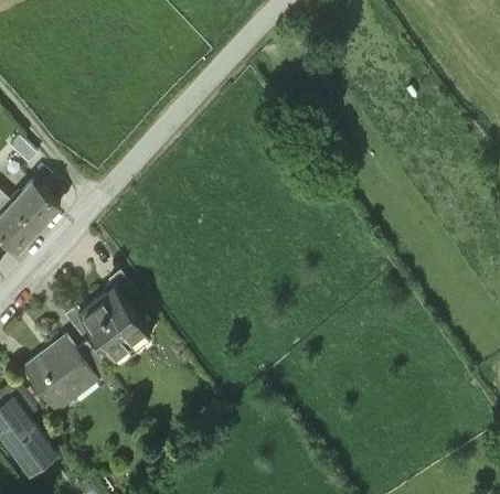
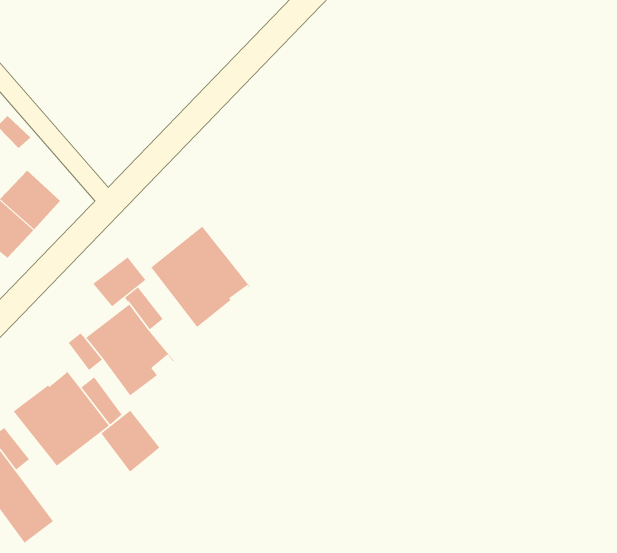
building: none -> [150,226,250,328]
building: none -> [92,256,146,307]
building: none -> [100,410,160,473]

